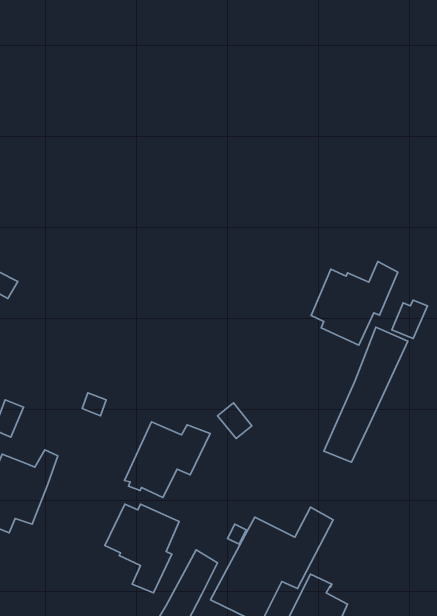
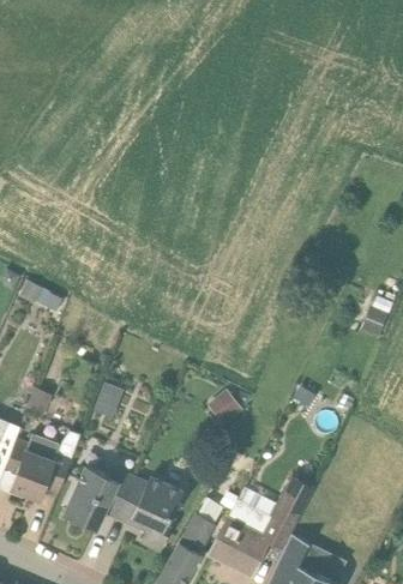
building: [311,262,398,345] -> none
building: [324,327,408,462] -> none
building: [124,422,210,498] -> [64,466,136,530]

